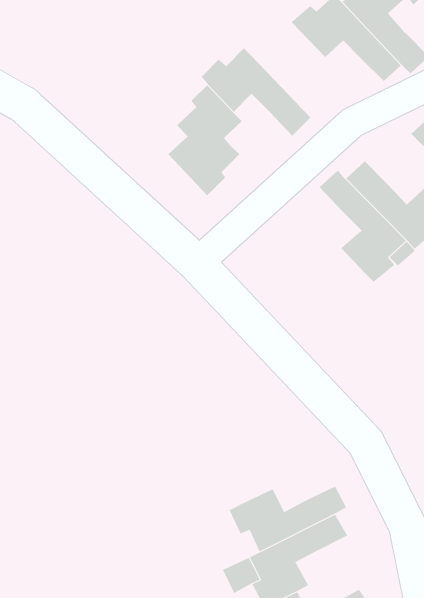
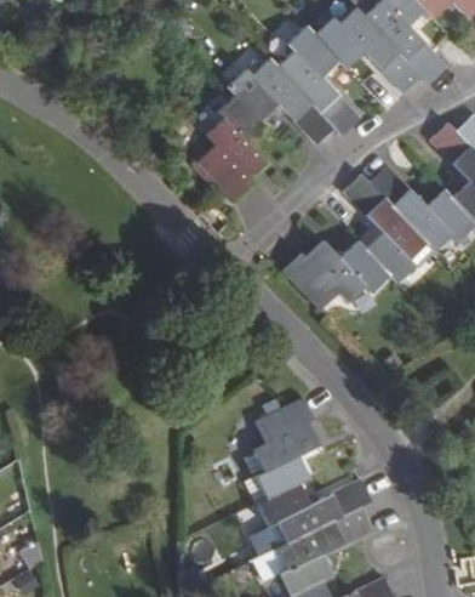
building: none -> [277,27,360,133]
building: none -> [280,241,387,309]
building: none -> [252,397,317,495]

